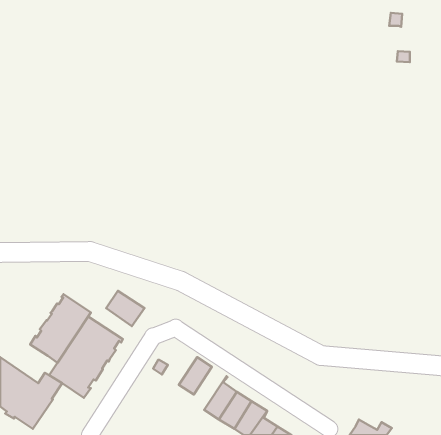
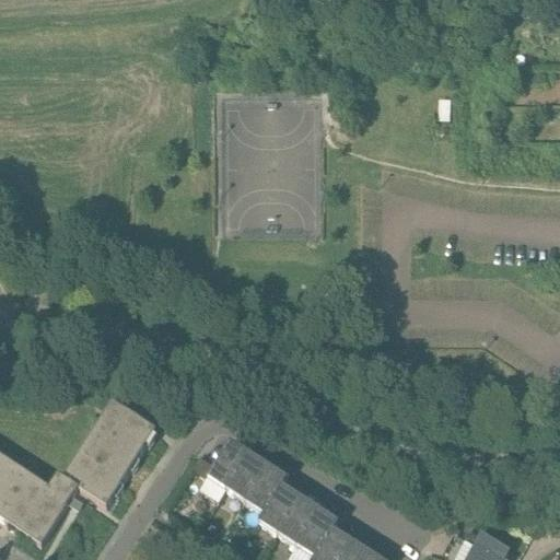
building: [106,291,144,326] -> none
building: [30,294,91,363] -> none
building: none -> [208,439,250,487]
building: none -> [246,464,288,518]

